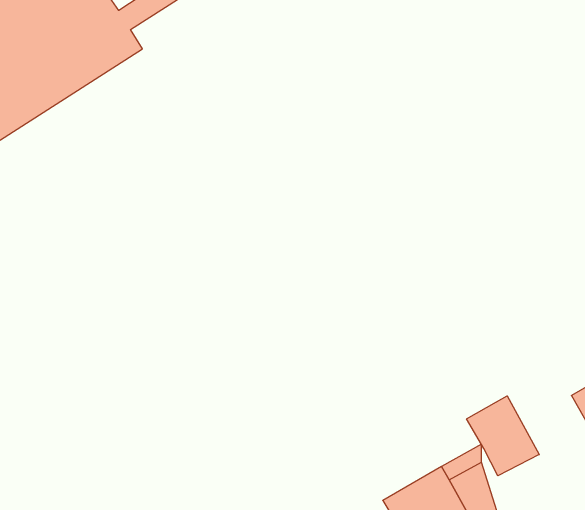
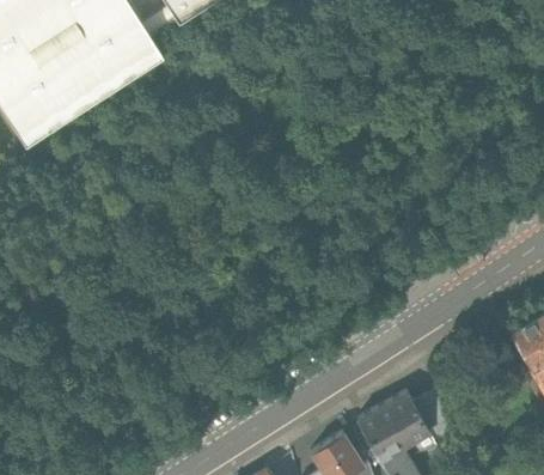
building: [467,396,539,476] -> none

